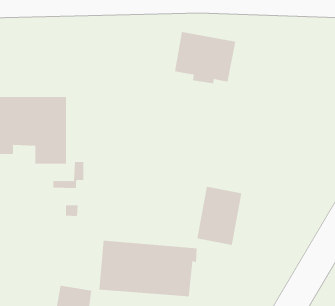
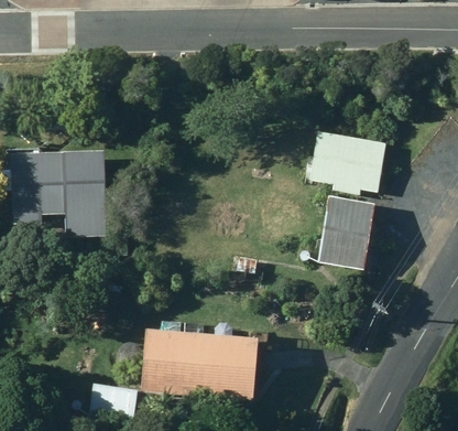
building: [174,32,236,84] -> [309,131,385,195]
building: [196,186,242,246] -> [317,196,373,269]

